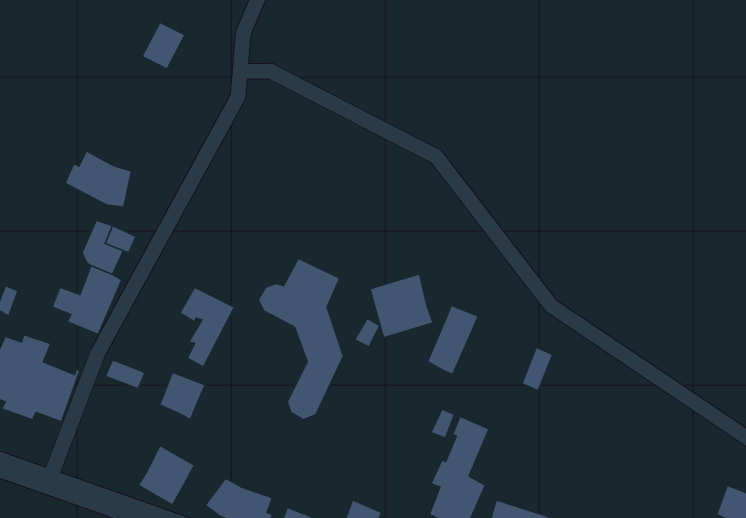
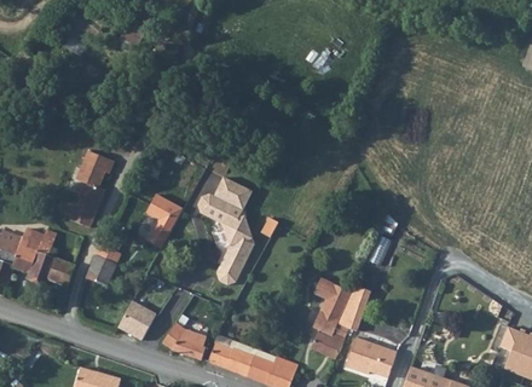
building: [65,151,132,207] -> none
building: [370,274,433,338] -> none
building: [428,305,478,374] -> [336,284,370,330]
building: [160,372,205,419] -> [86,255,116,287]

